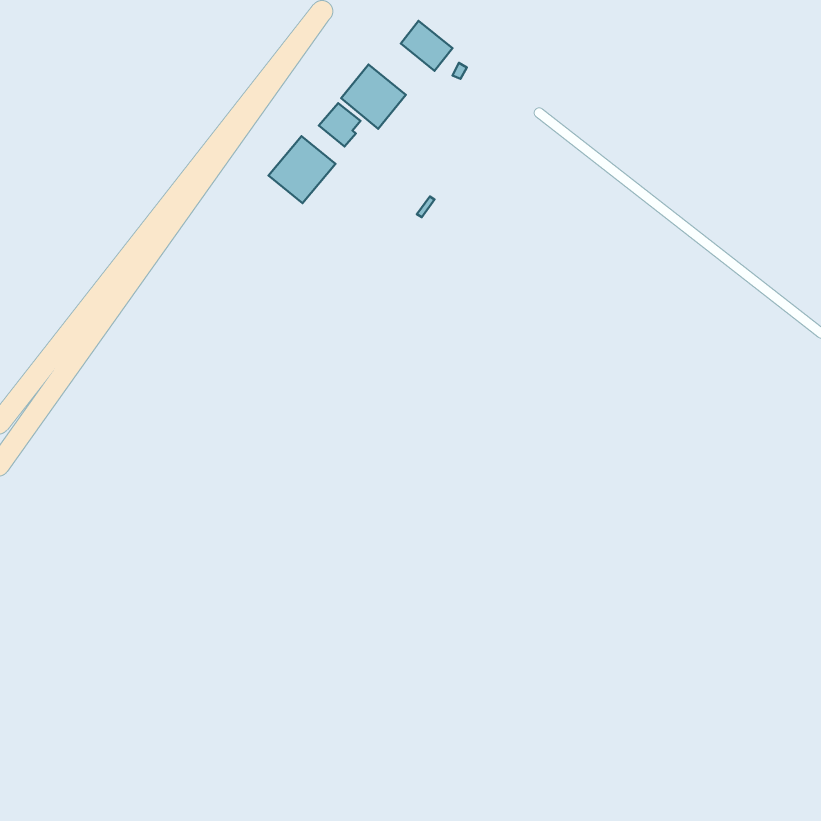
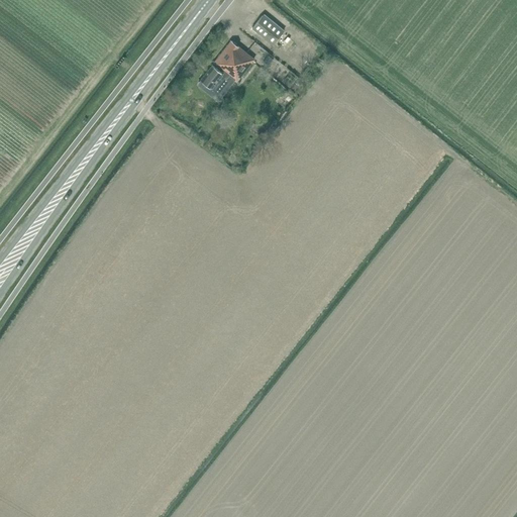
building: [269,136,335,203] -> none

